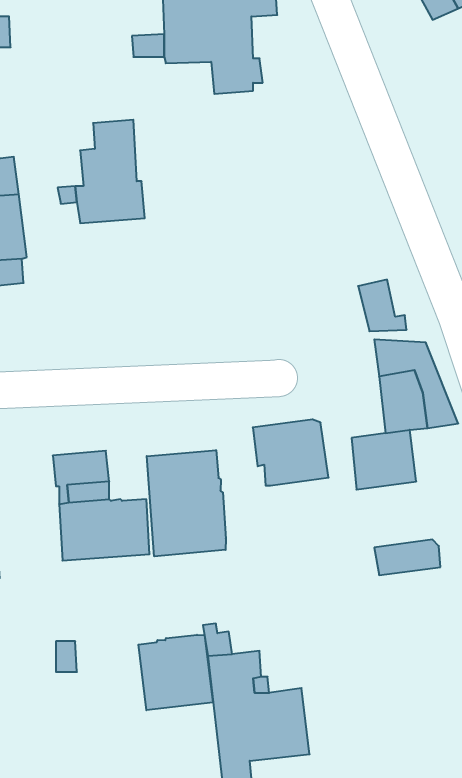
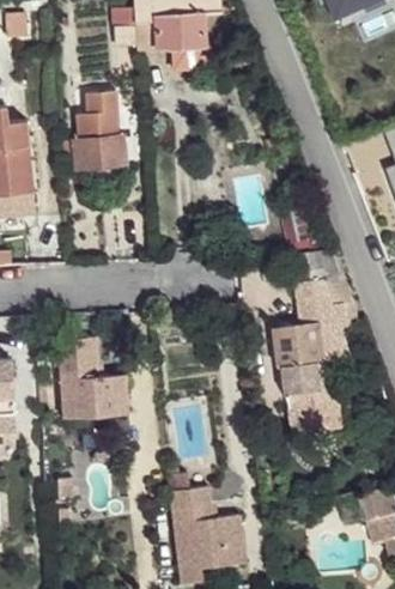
building: [253,419,329,486] -> [280,360,336,409]
building: [147,450,226,556] -> none
building: [138,635,213,710] -> none

